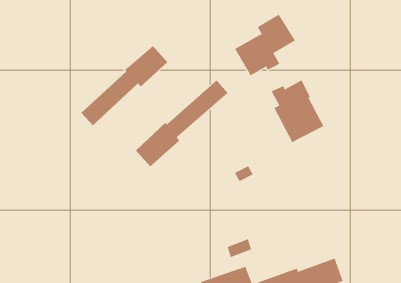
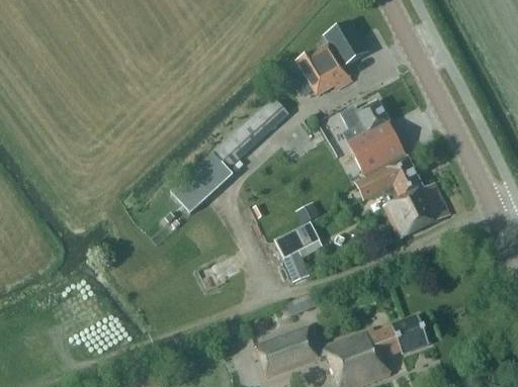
building: [81,45,168,126] -> none
building: none -> [355,158,450,238]
building: none -> [274,222,323,282]

